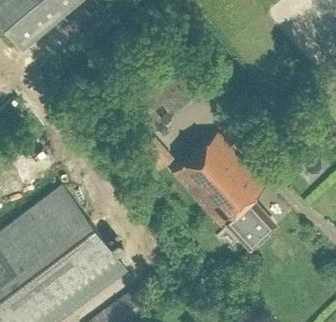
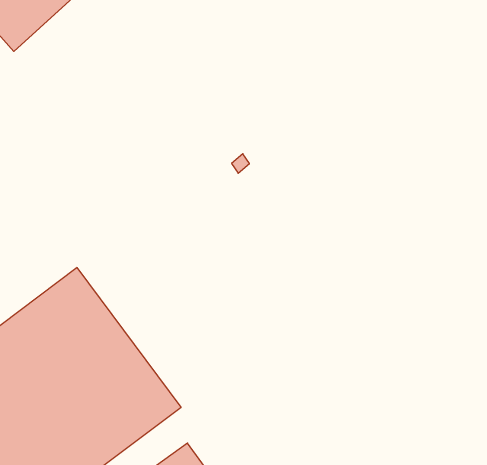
building: [173,135,273,251] -> none

